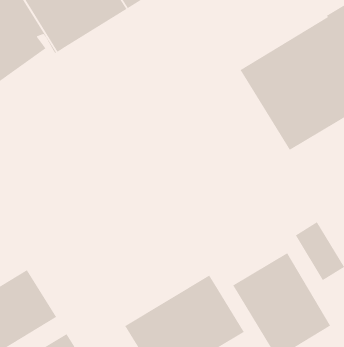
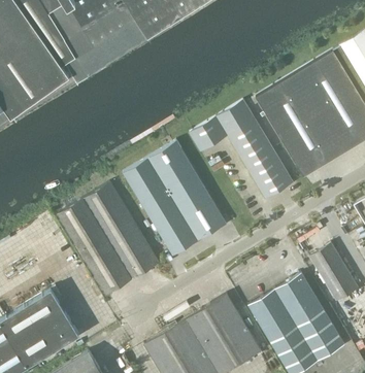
building: none -> [190,100,293,198]
building: none -> [123,140,226,253]
building: none -> [58,181,159,294]

